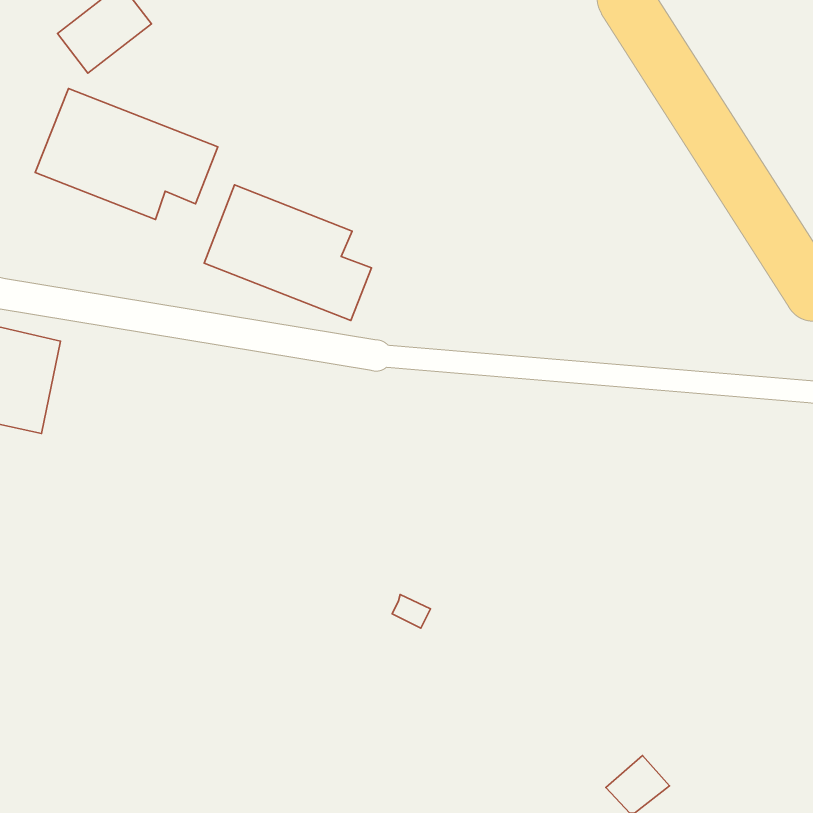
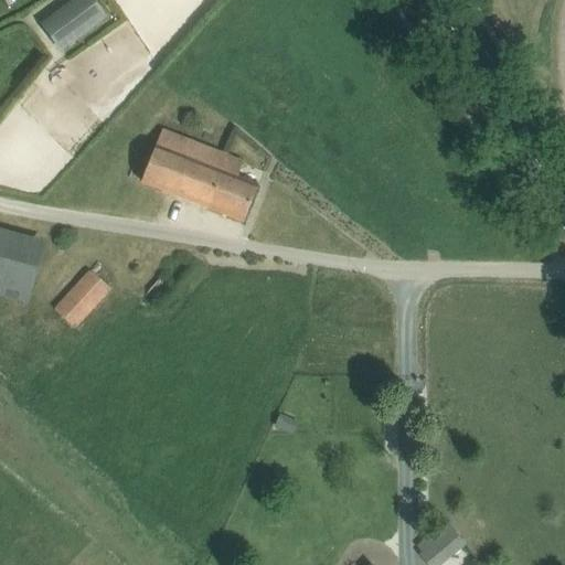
building: [35,88,218,219] -> none
building: none -> [52,267,110,327]

